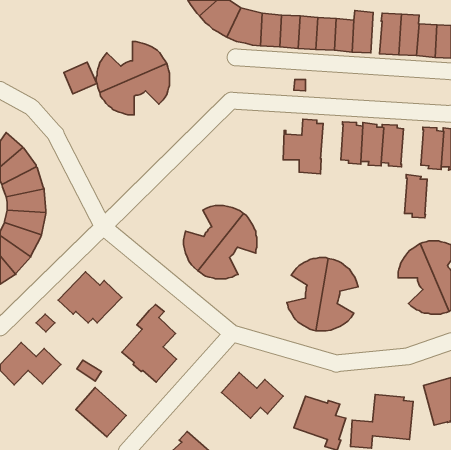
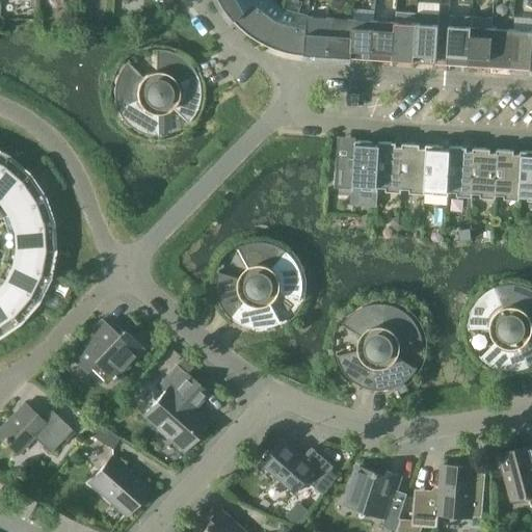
building: [64,62,97,94] -> none
building: none -> [377,143,404,193]
building: [404,175,427,218] -> [472,149,499,200]

